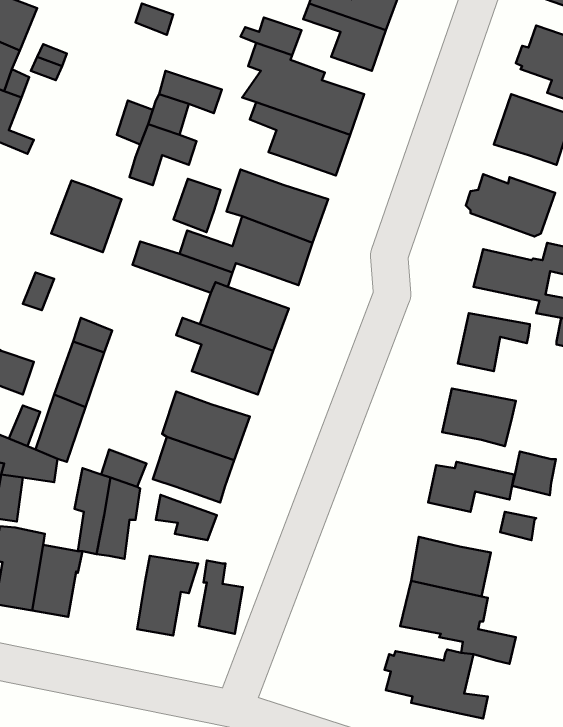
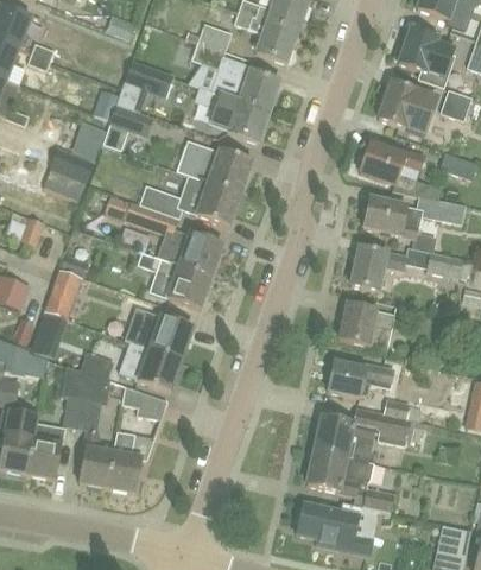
building: [174,179,221,232] -> [70,120,106,160]
building: [512,451,556,495] -> [376,413,410,446]
building: [199,560,243,634] -> [80,431,113,487]

